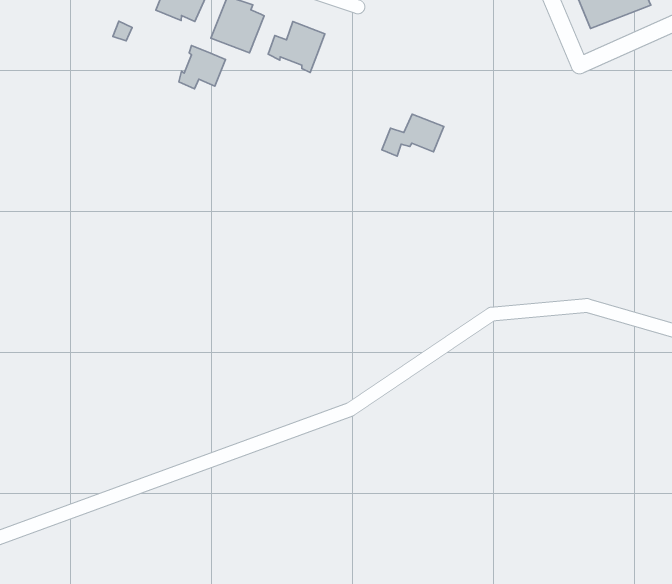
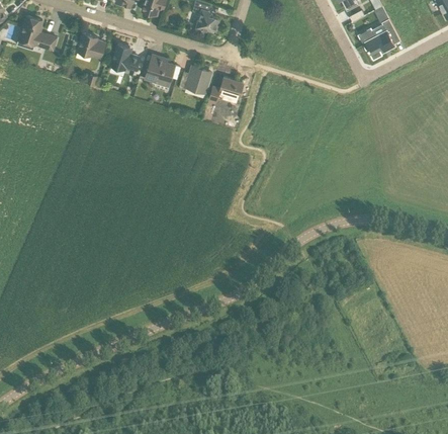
building: [179,46,225,89] -> none
building: [382,114,444,156] -> [207,76,243,101]

